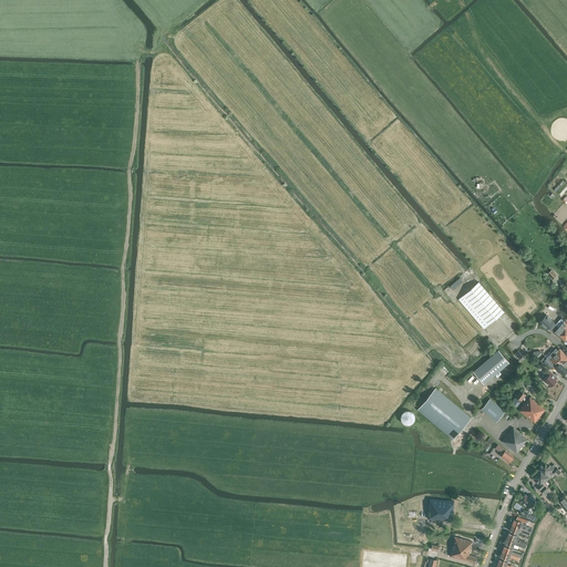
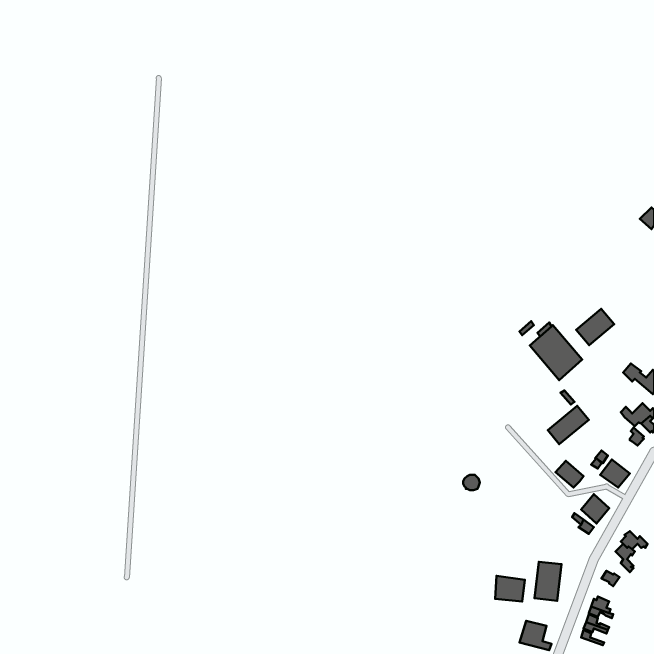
building: none -> [576,309,614,345]
building: [417,388,471,440] -> none
building: none -> [535,562,561,601]

